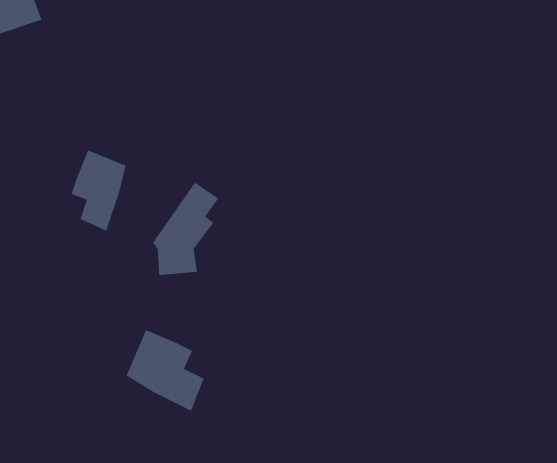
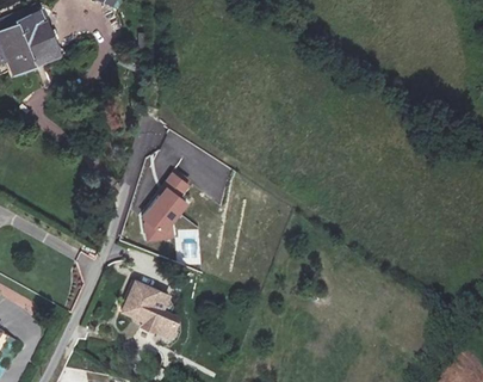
building: [71,149,126,231] -> none

